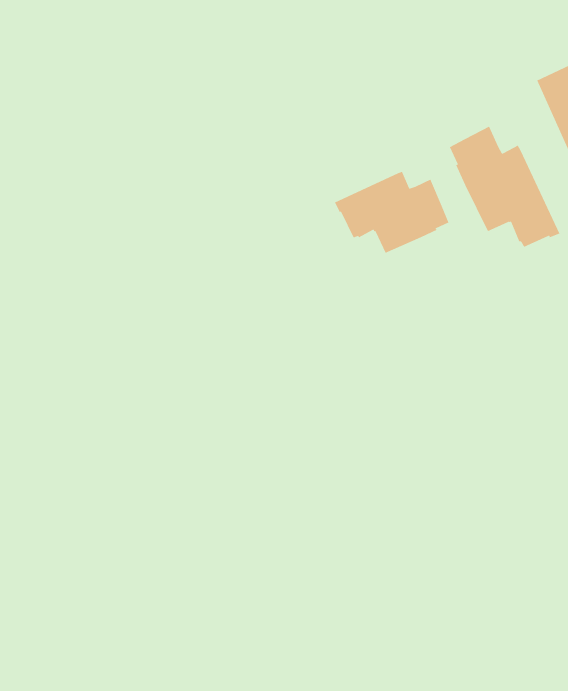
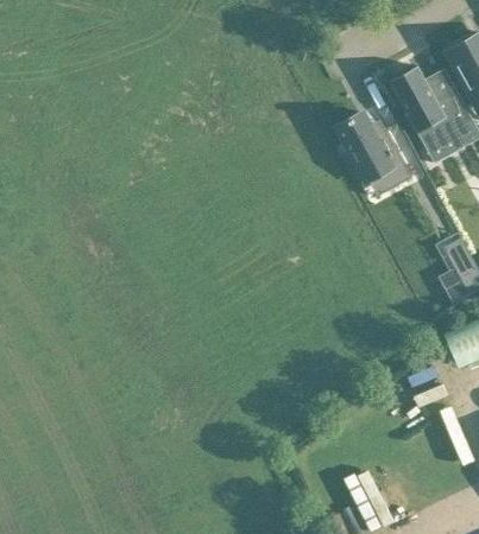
building: [334,171,450,254] -> none

